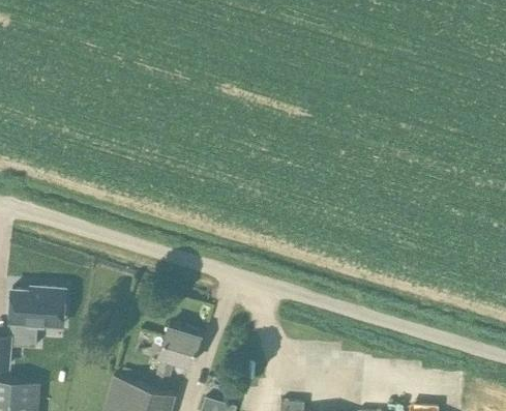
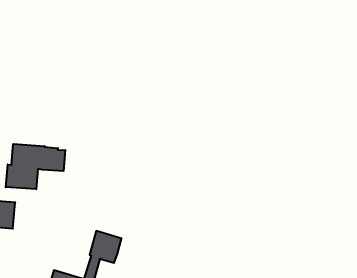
building: none -> [6,144,65,189]

